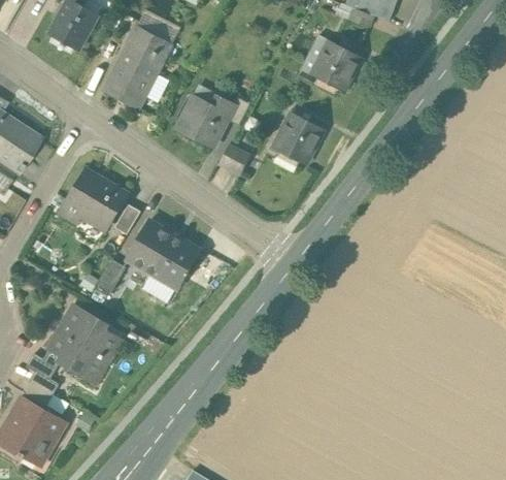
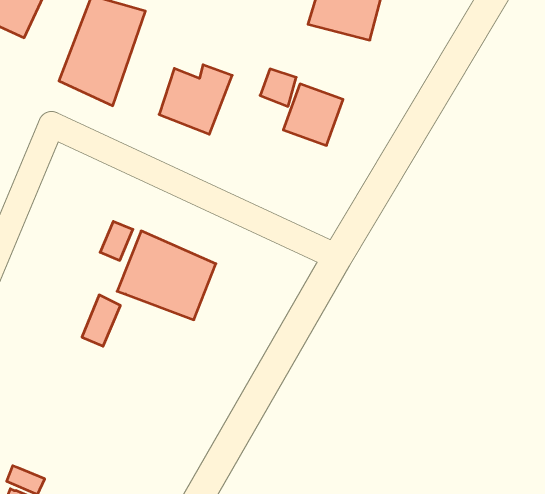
building: [218,143,248,174] -> [260,69,296,106]
building: [55,165,132,230] -> none
building: [42,299,126,383] -> none
building: [23,356,55,396] -> none

